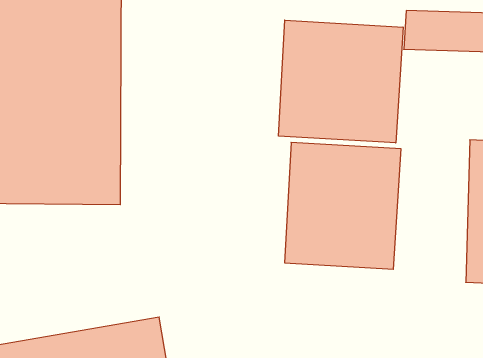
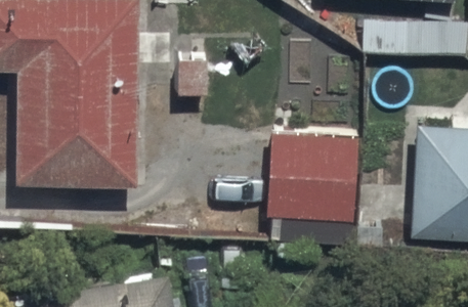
building: [279,20,403,143] -> none

